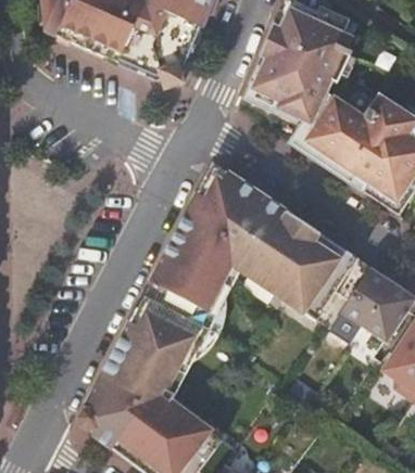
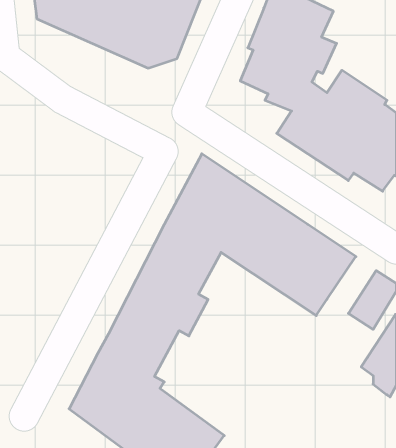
building: [341,268,391,325] -> none

